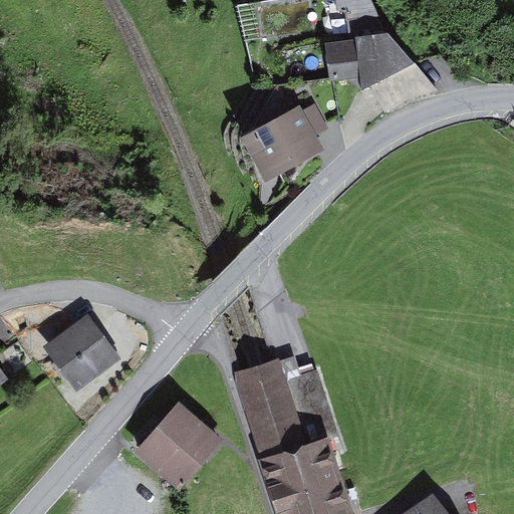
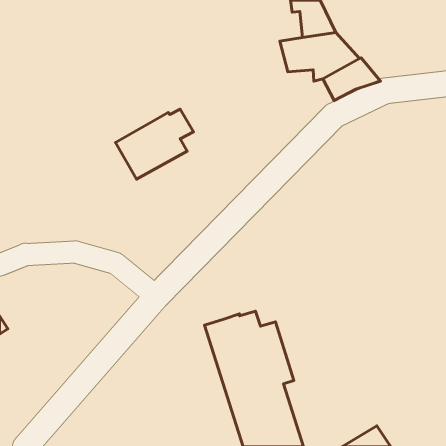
building: [240,106,329,187] -> [116,109,193,179]
building: [41,311,119,390] -> none
building: [133,396,223,486] -> none

